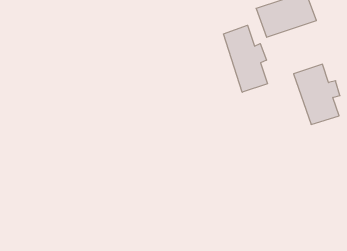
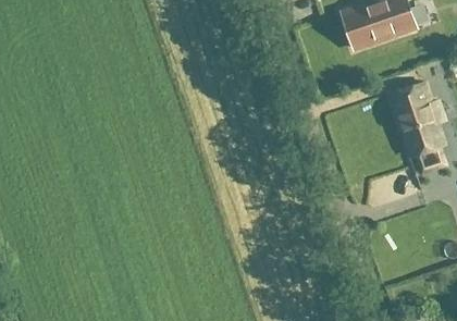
building: [223,25,268,92] -> none

